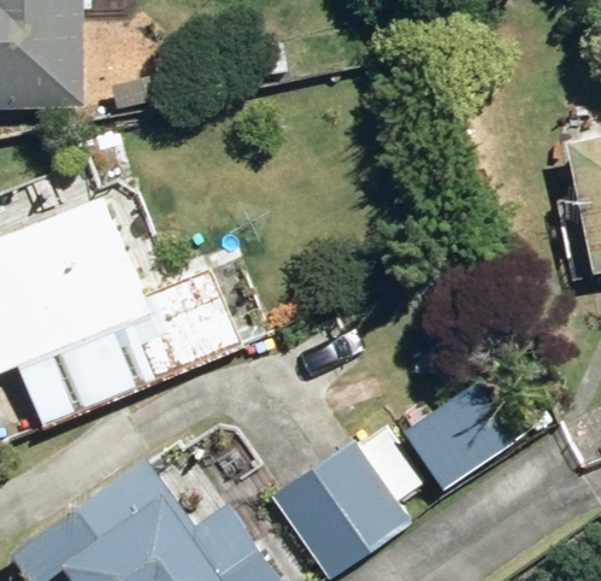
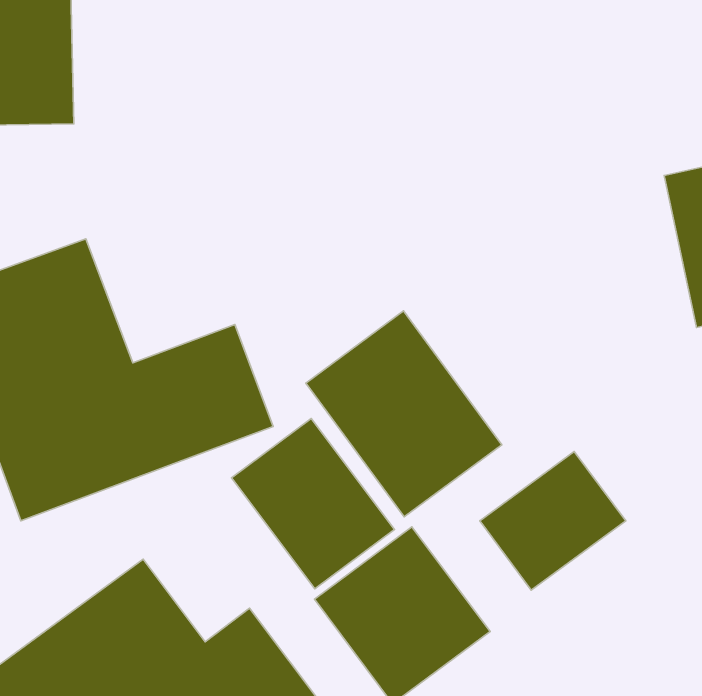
building: none -> [306,311,502,517]
building: none -> [232,418,394,589]

